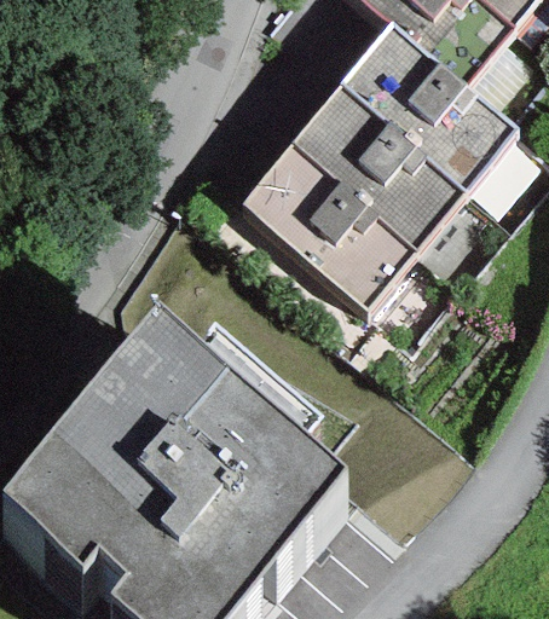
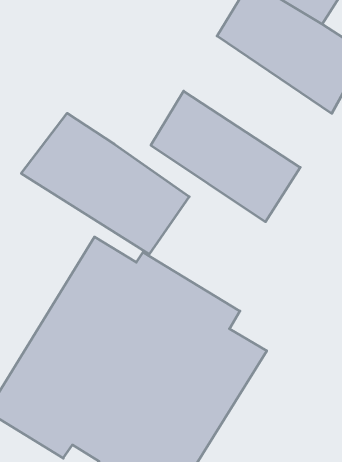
building: [285,85,460,256] -> none
building: none -> [21,113,189,254]

